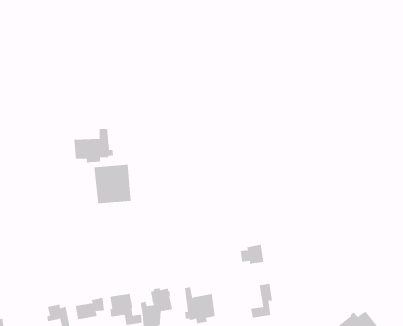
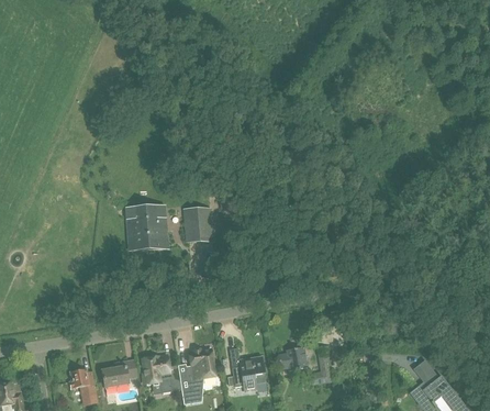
building: [74,128,113,163] -> none
building: none -> [182,207,213,242]
building: [240,244,264,264] -> [278,346,307,369]

